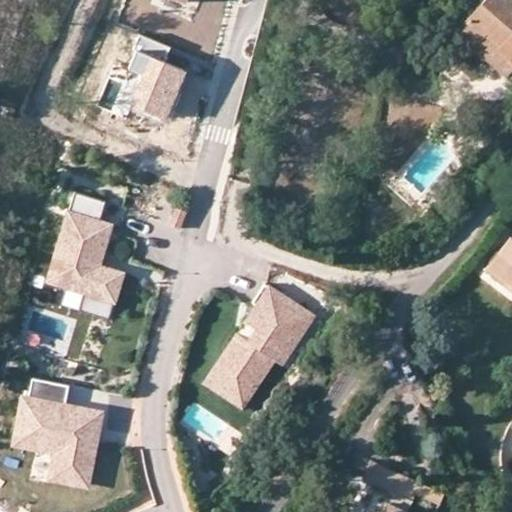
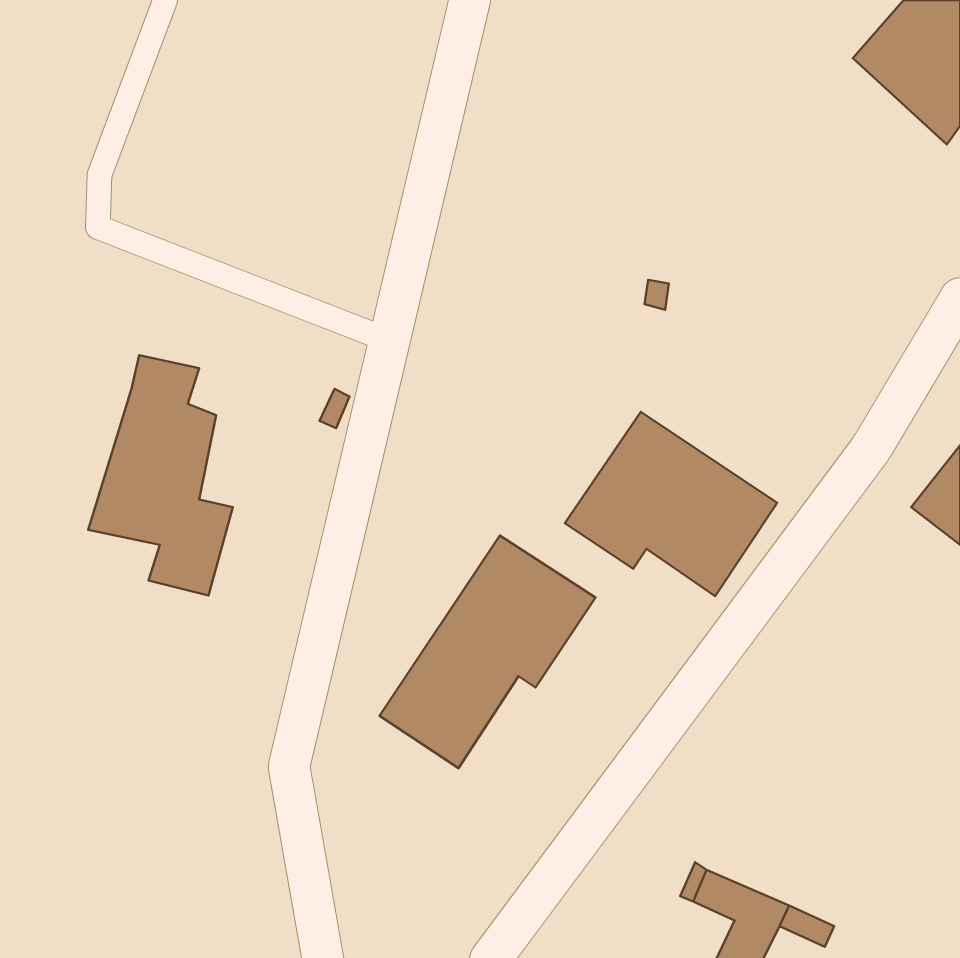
building: [127,36,184,120] -> none
building: none -> [565,412,777,596]
building: [12,376,104,491] -> none

